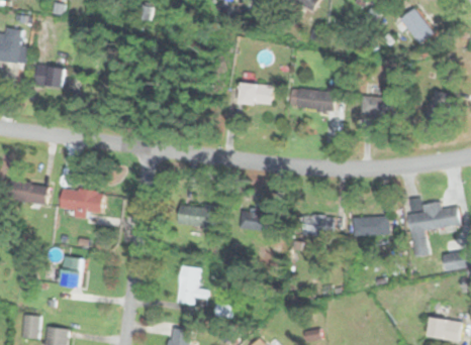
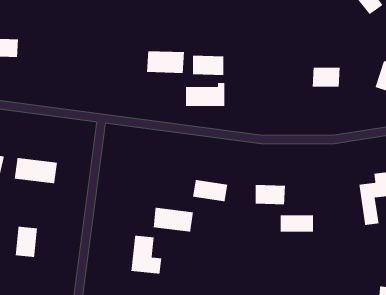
building: none -> [146,50,185,74]
building: [294,85,335,110] -> [185,82,225,107]
building: [177,203,218,229] -> [153,207,194,233]
building: [354,217,388,235] -> [280,215,314,232]

